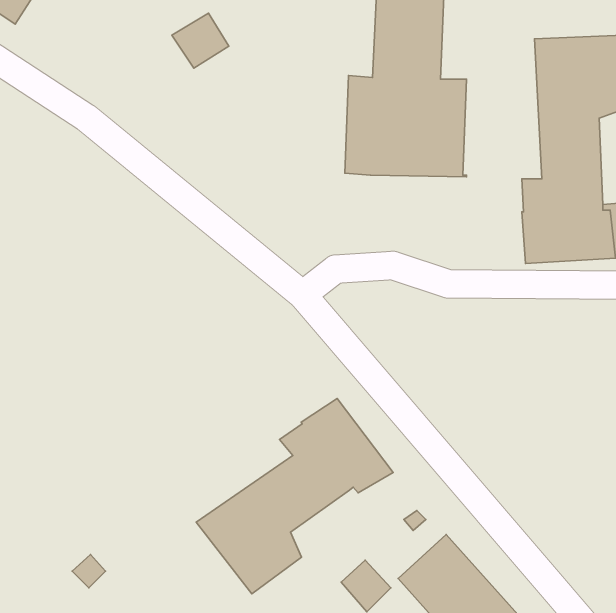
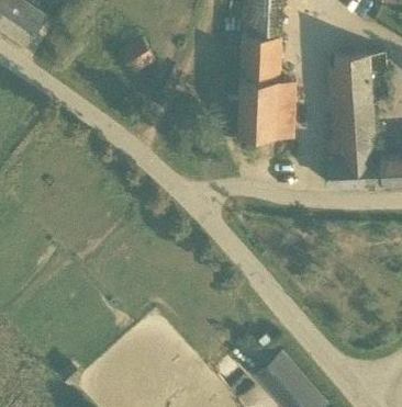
building: [196,398,393,594] -> none

